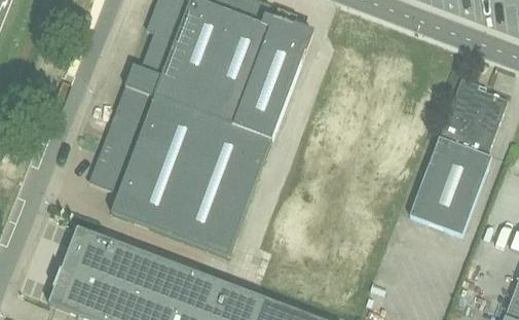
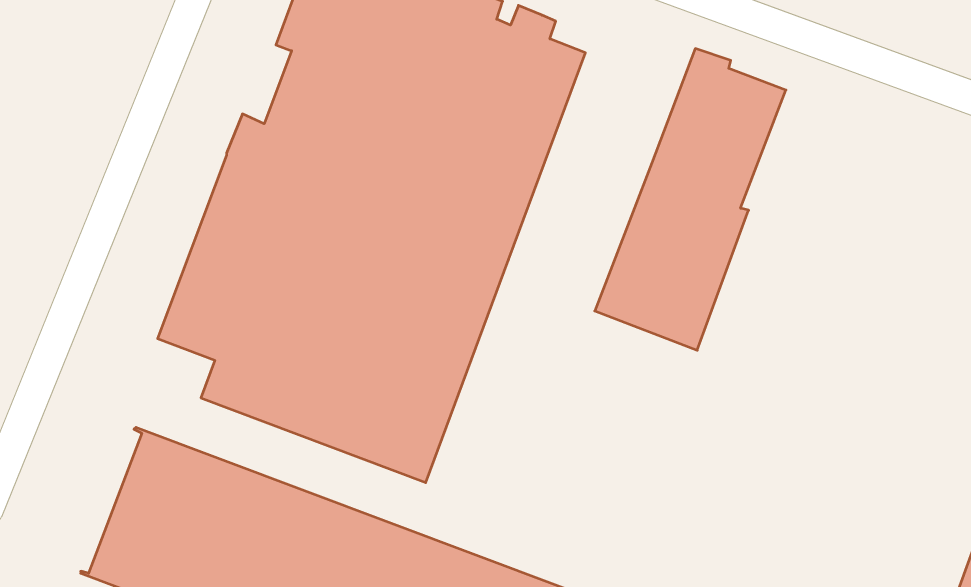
building: [409,78,509,236] -> [595,49,786,350]

